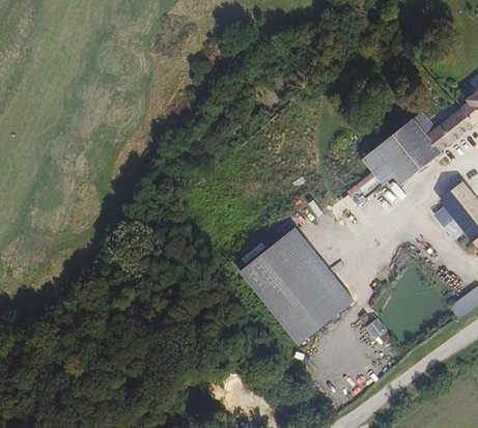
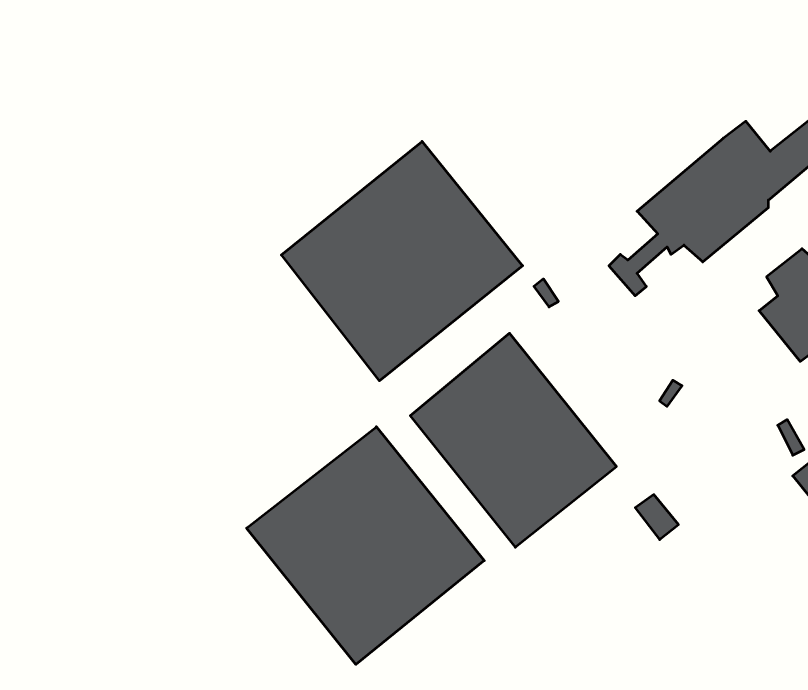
building: none -> [281,141,523,381]
building: none -> [247,427,484,664]

